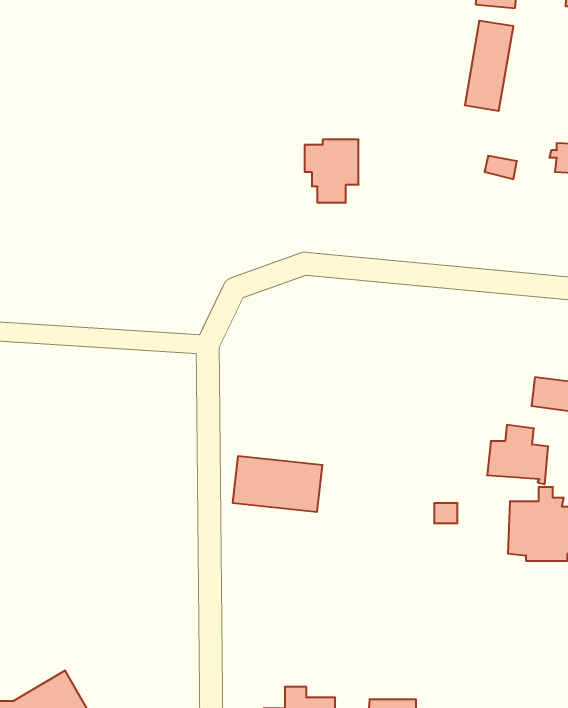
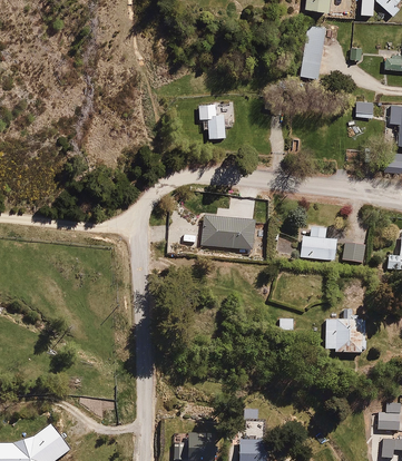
building: [487,425,548,484] -> [298,226,336,263]
building: [233,456,323,512] -> [199,218,255,253]

